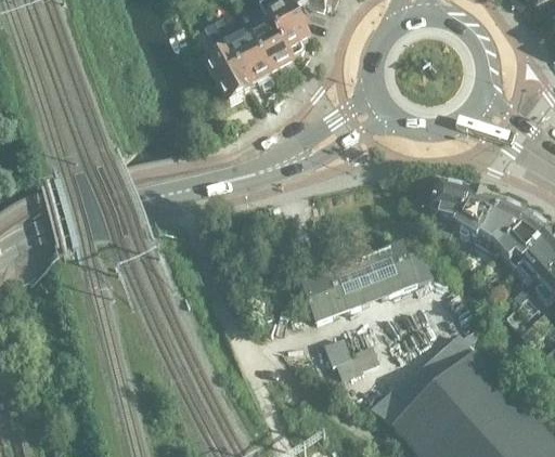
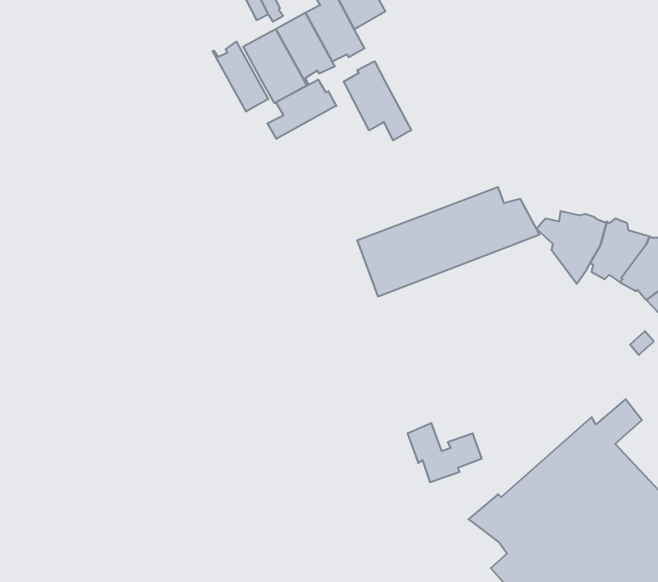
building: none -> [213,42,268,112]
building: none -> [344,61,411,140]
building: none -> [267,79,336,139]
building: [301,241,435,322] -> [357,187,540,297]

